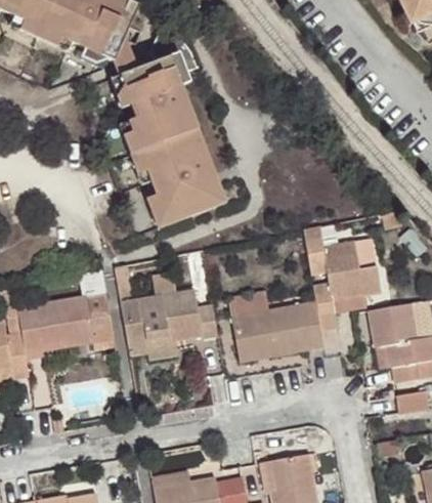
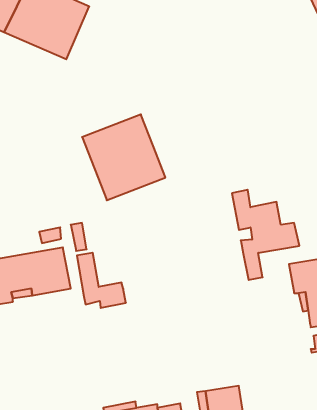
building: [101,59,199,162] -> none
building: [142,287,221,339] -> none
building: [233,298,328,361] -> none

